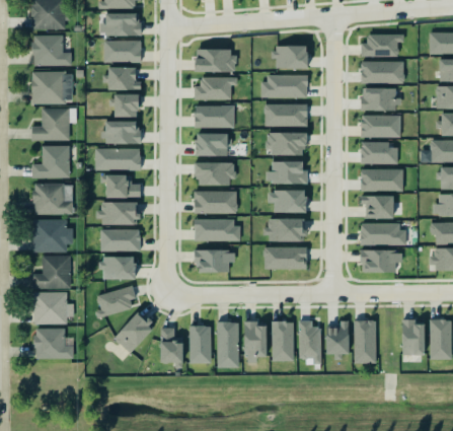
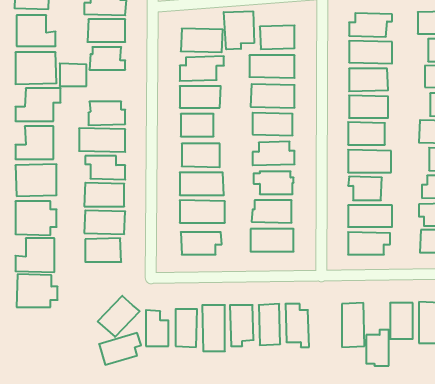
building: none -> [224,11,254,49]
building: [112,93,139,116] -> [60,63,86,86]
building: [95,285,137,316] -> [99,333,141,365]
building: [326,320,349,356] -> [366,330,389,366]
building: [34,329,74,359] -> none

